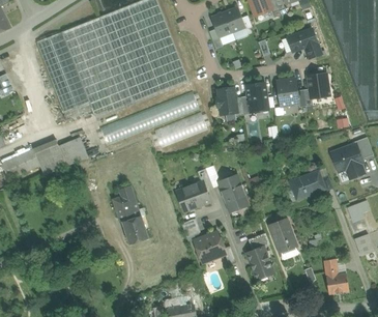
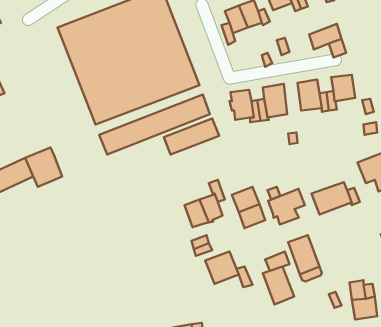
building: [35,31,93,122] -> none
building: [58,137,87,165] -> none
building: none -> [268,189,305,225]
building: [112,184,149,243] -> none

